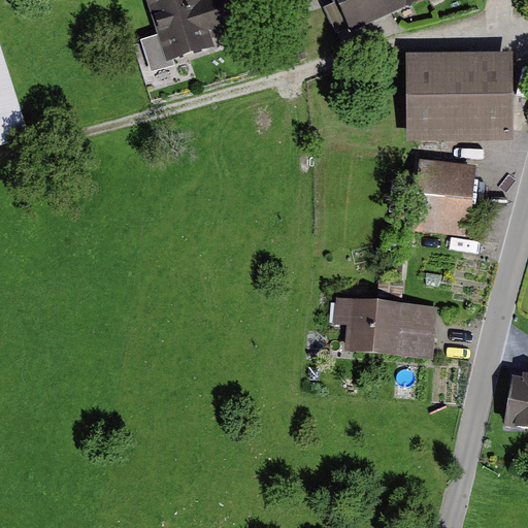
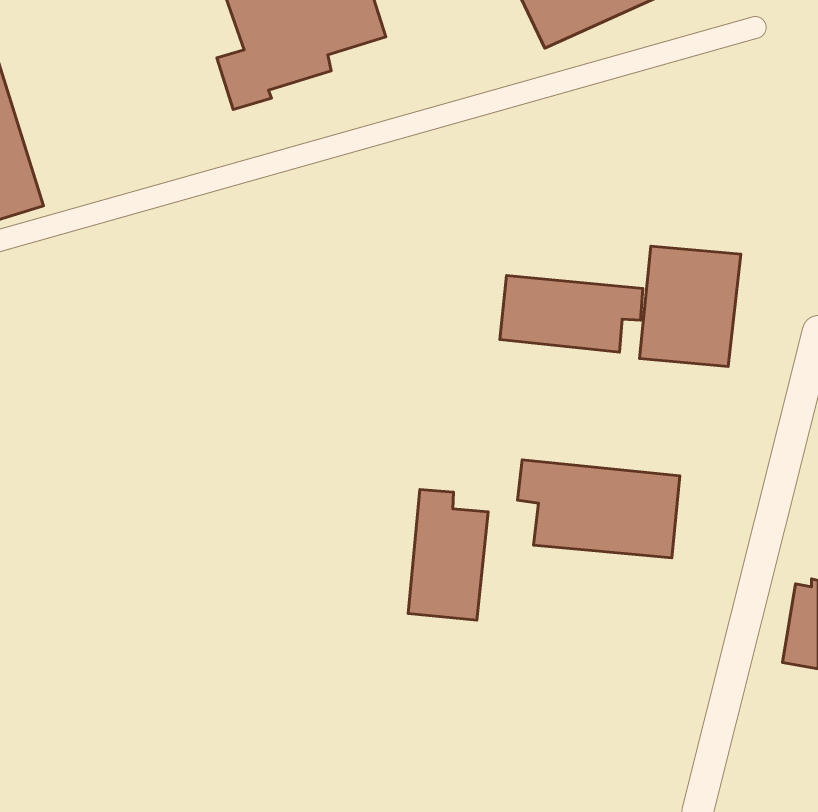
building: [404,52,513,141] -> none
building: none -> [500,275,643,352]
building: none -> [408,490,488,620]

